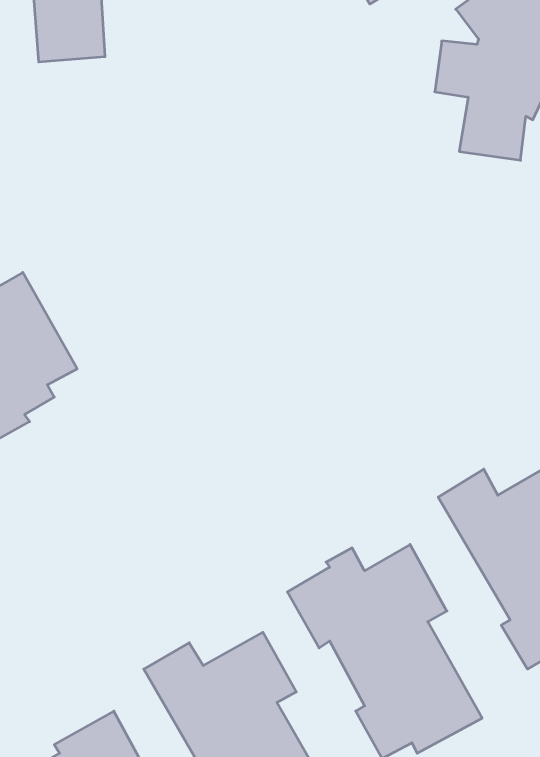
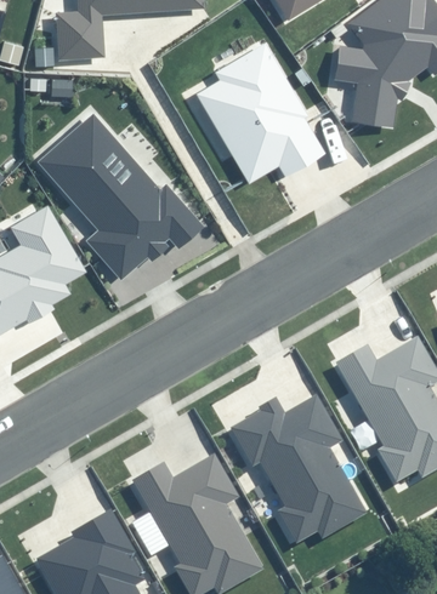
building: none -> [197,44,322,183]
building: none -> [38,114,205,279]

